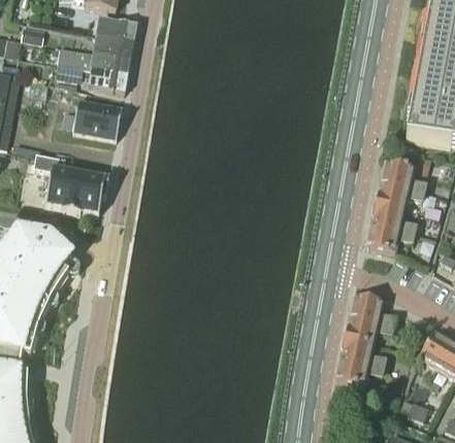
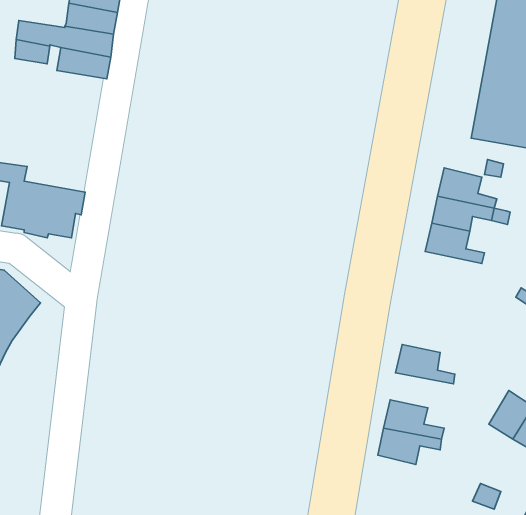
building: [73,98,122,139] -> none
building: [365,224,414,251] -> none
building: [344,316,392,343] -> none

